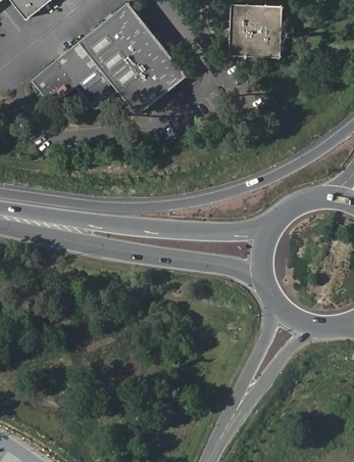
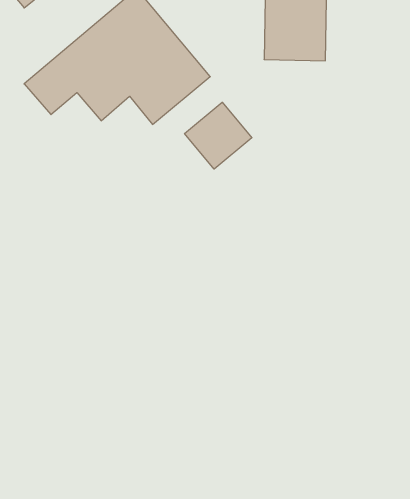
building: none -> [185,102,252,169]

